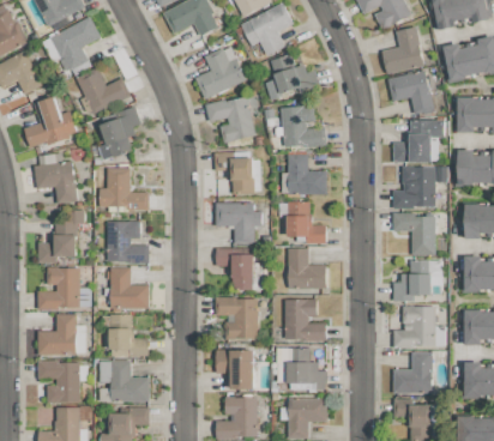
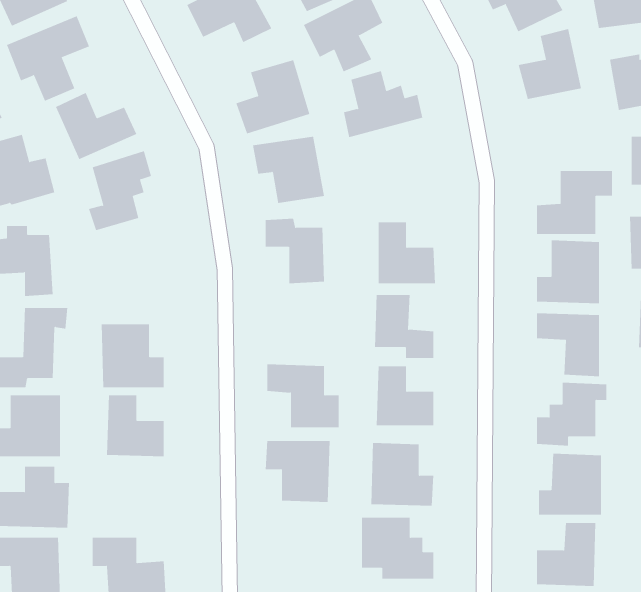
building: [387,71,433,113] -> none
building: [282,105,326,146] -> none
building: [100,168,149,209] -> none
building: [215,203,261,243] -> none
building: [110,314,149,356] -> none
building: [216,350,255,388] -> none

